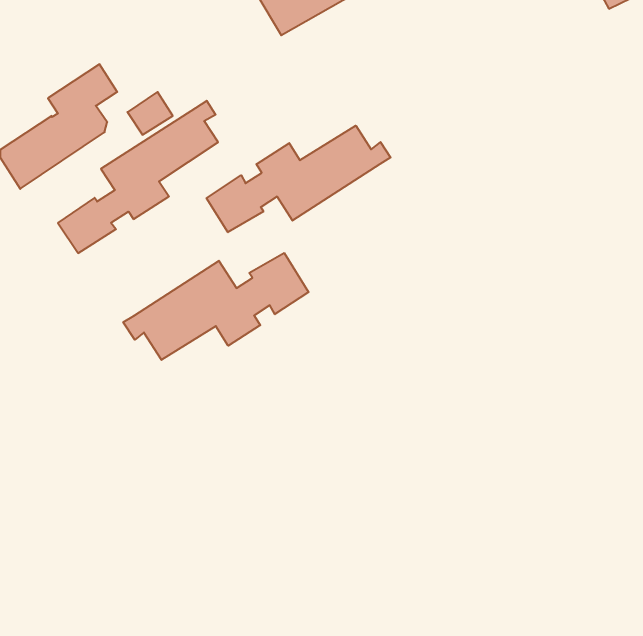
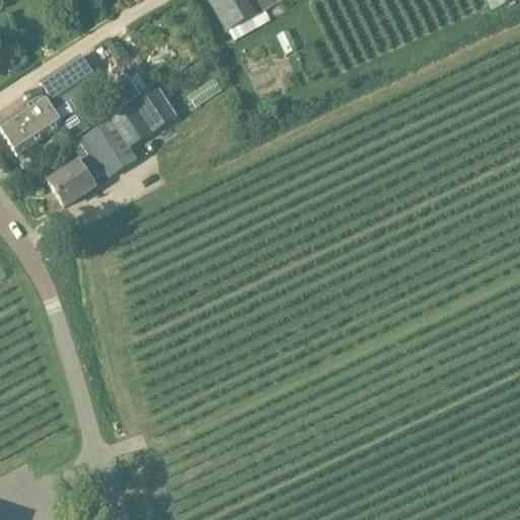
building: [207,126,391,232] -> none
building: [123,253,309,360] -> none

